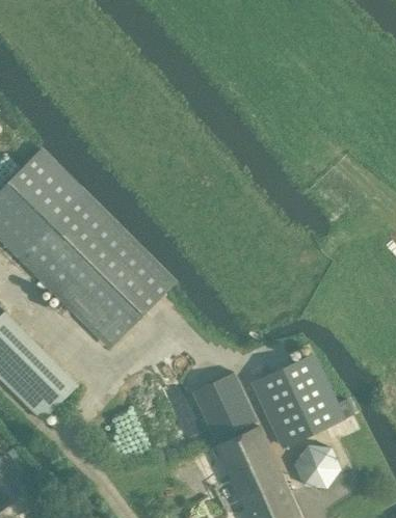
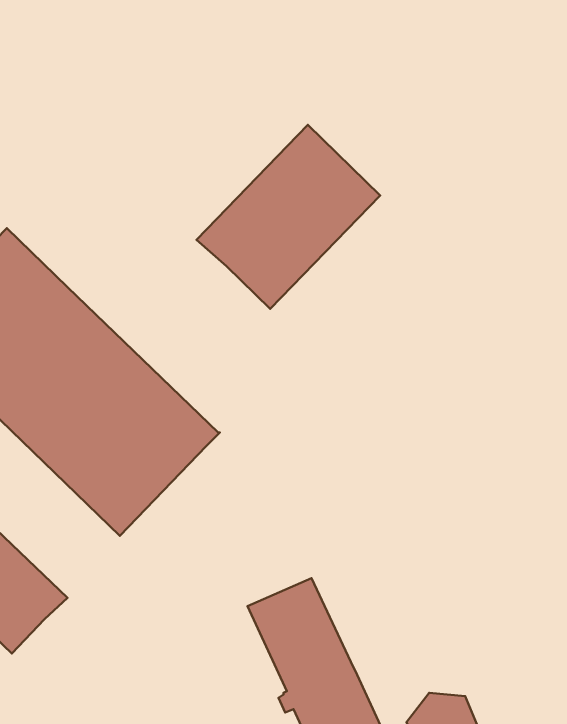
building: none -> [196,125,380,309]
building: [250,352,354,447] -> none

